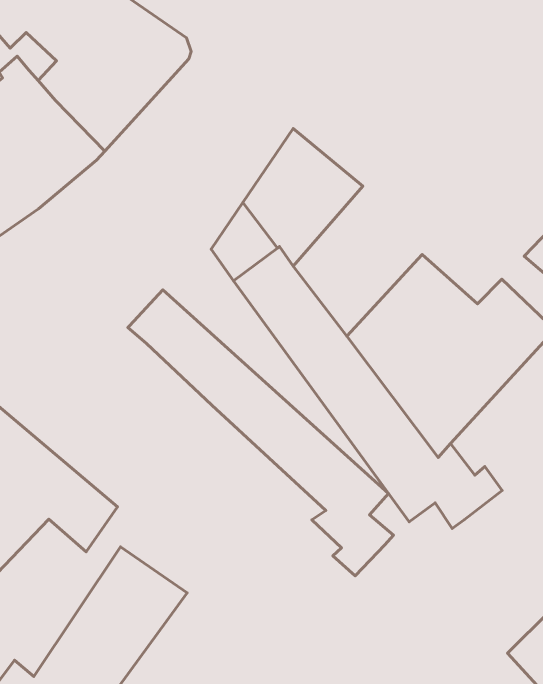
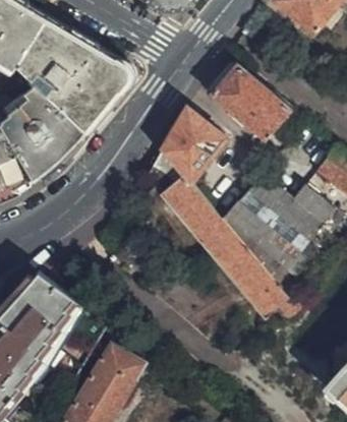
building: none -> [211,64,291,139]
building: [128,290,394,576] -> none

